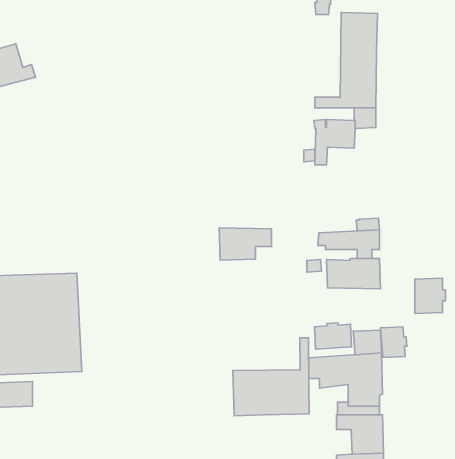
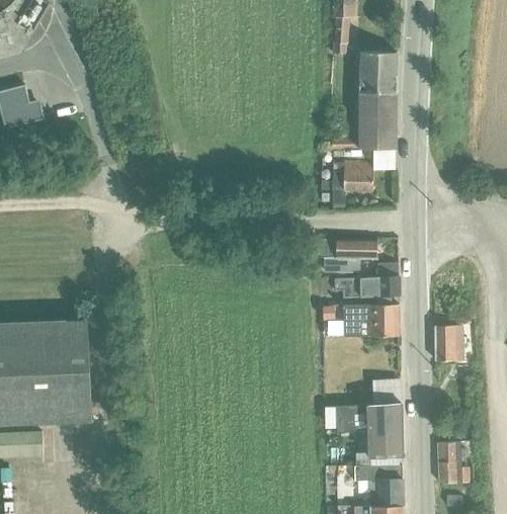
building: [219,228,271,260] -> [323,239,376,272]
building: [315,323,351,349] -> none
building: [380,327,407,357] -> none
building: [233,338,309,416] -> none
building: none -> [437,441,470,483]

